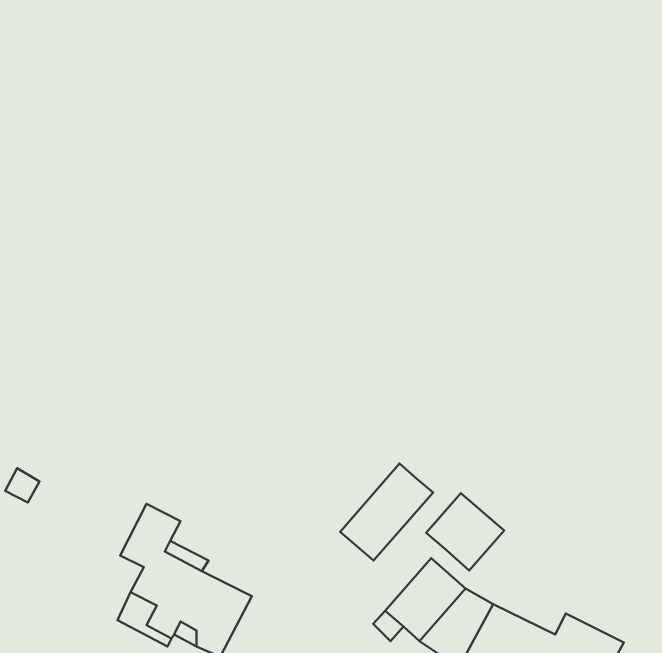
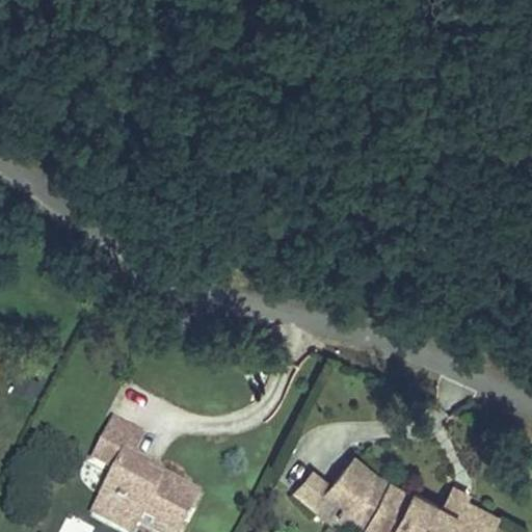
building: [340,464,433,560] -> none
building: [426,493,504,570] -> none

